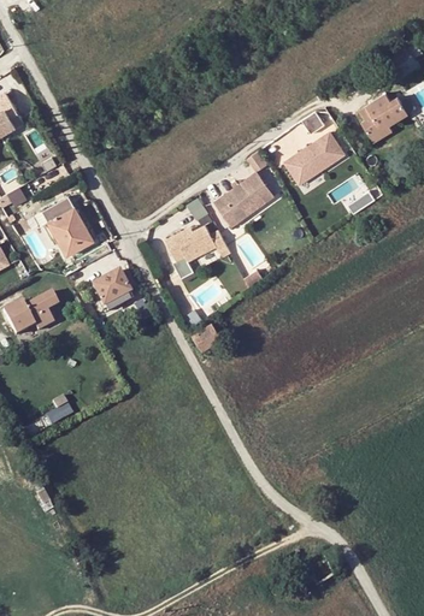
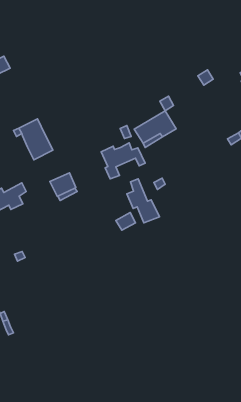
building: [282,130,341,182] -> none
building: none -> [127,179,159,223]

